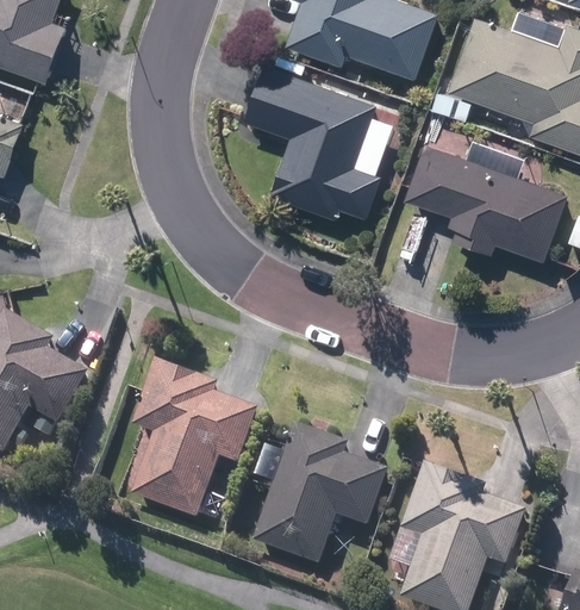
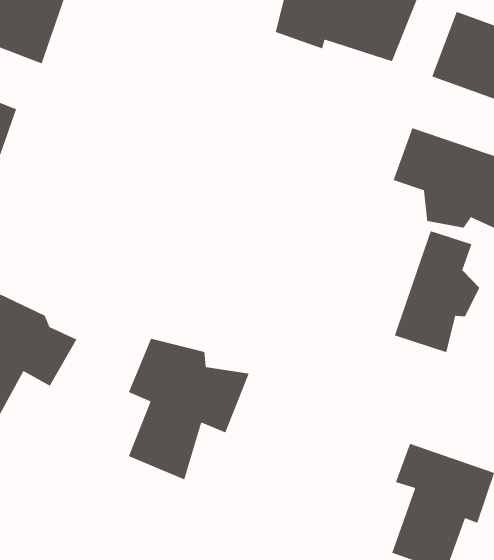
building: [247,70,378,220] -> none
building: none -> [394,230,480,353]
building: [258,430,382,561] -> none

